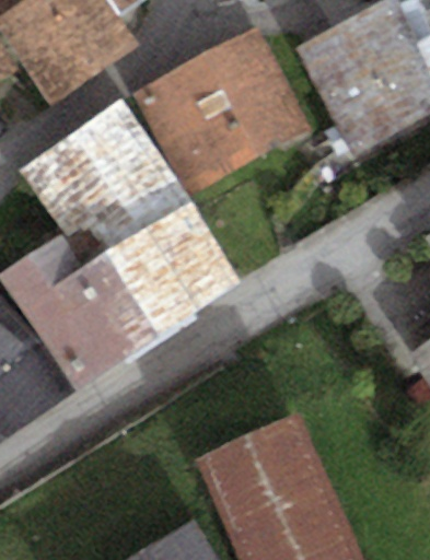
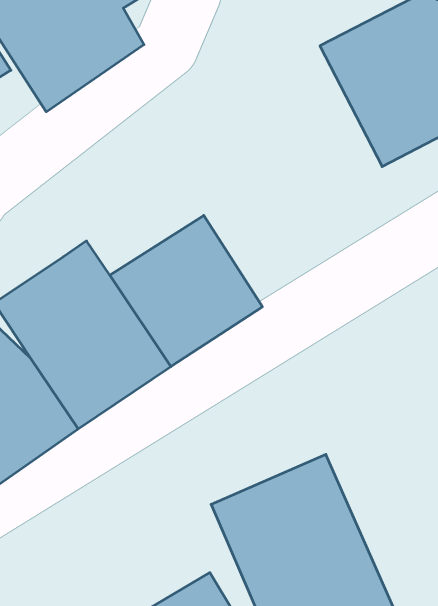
building: [135,24,314,192] -> none
building: [18,97,189,252] -> none

